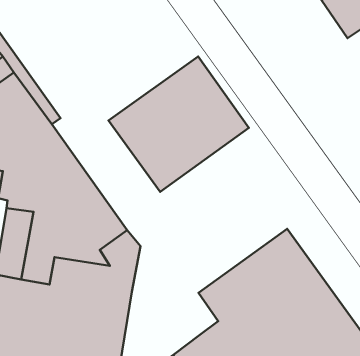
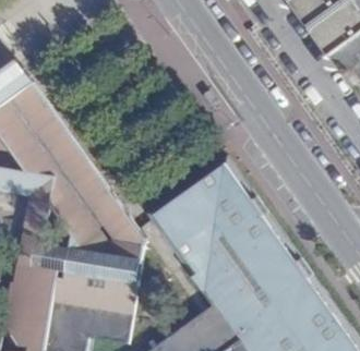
building: [108,56,249,192] -> [147,158,272,278]

